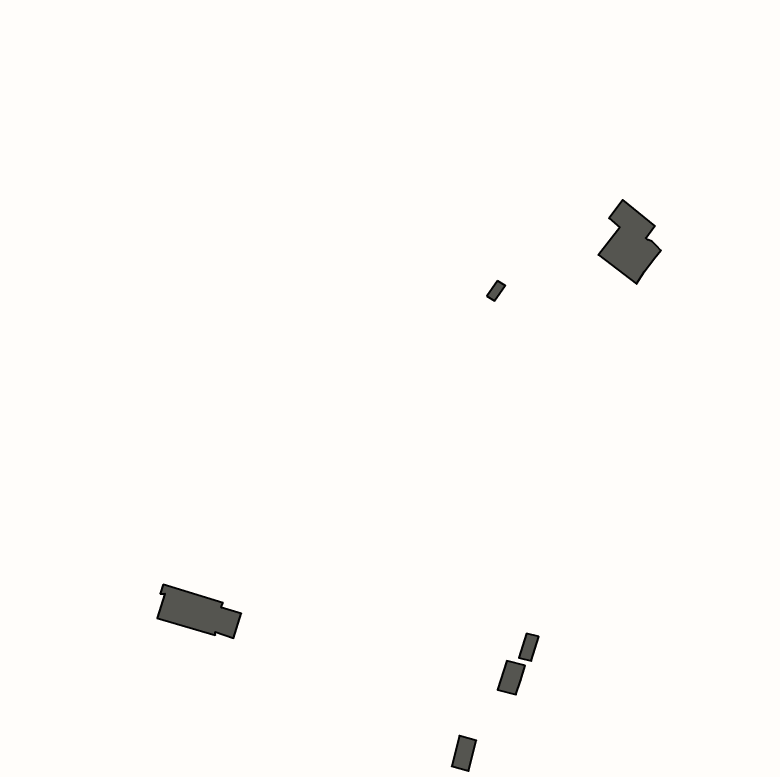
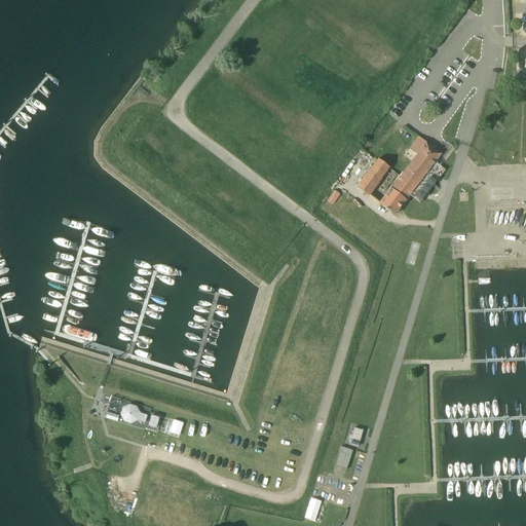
building: none -> [356,157,428,214]

